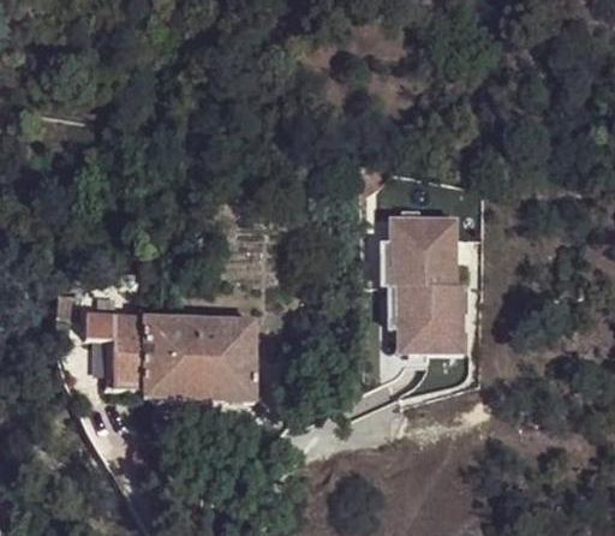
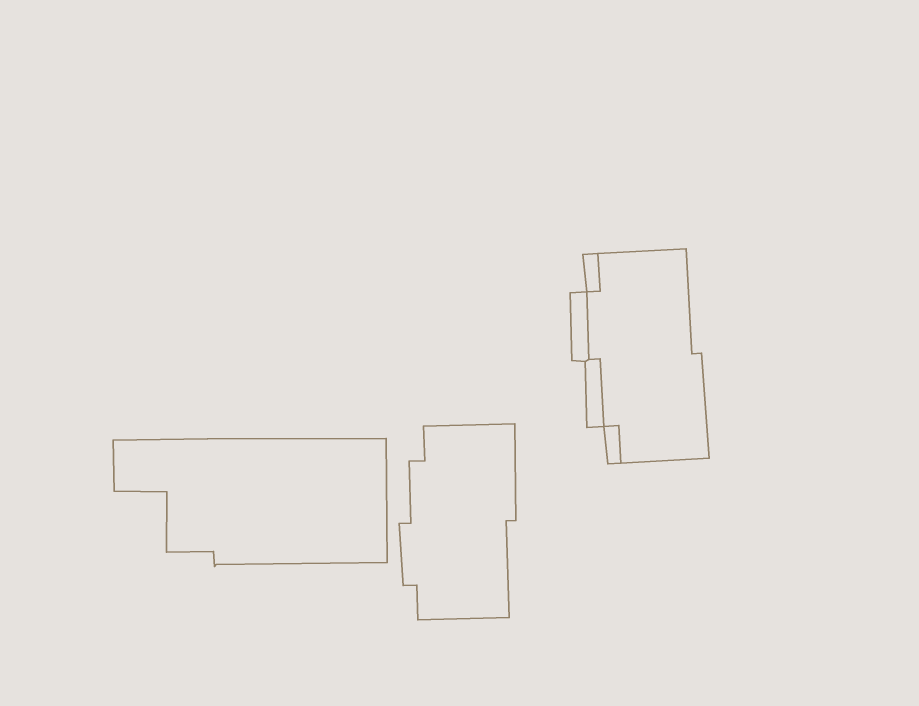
building: none -> [399,424,516,620]

